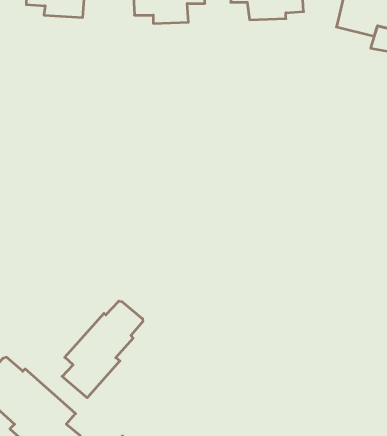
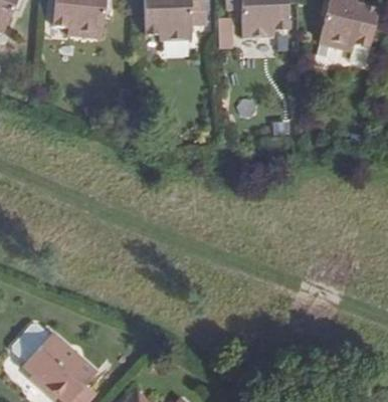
building: [62,301,143,398] -> none

